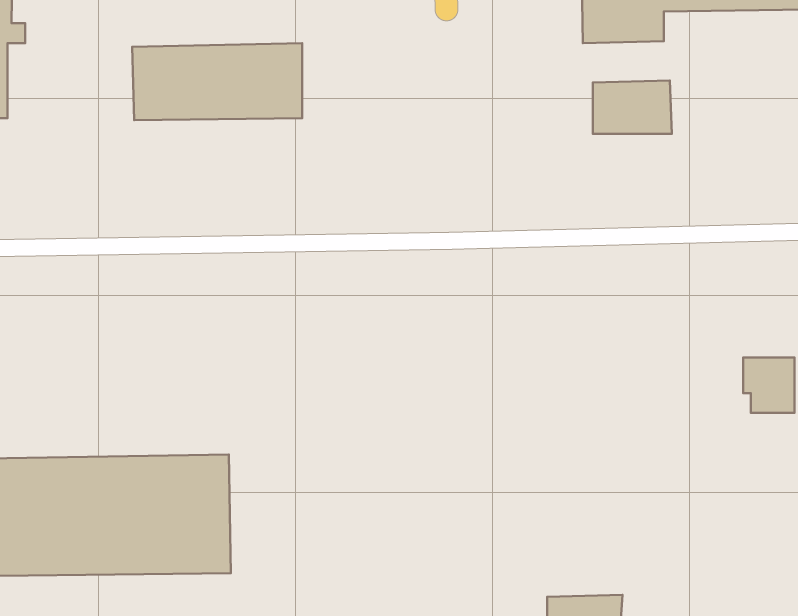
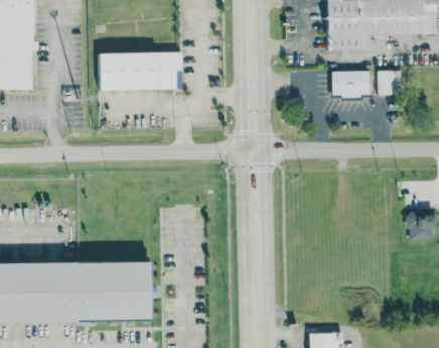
building: none -> [380,71,400,95]

